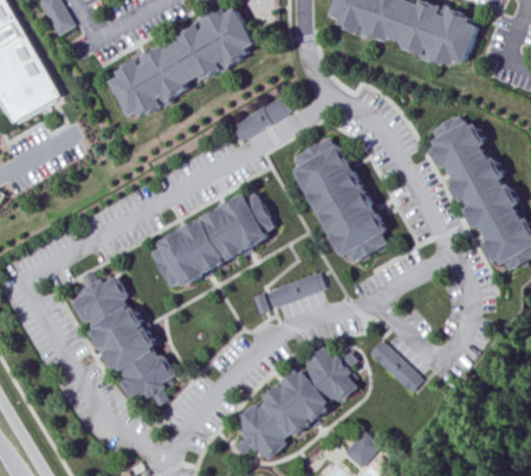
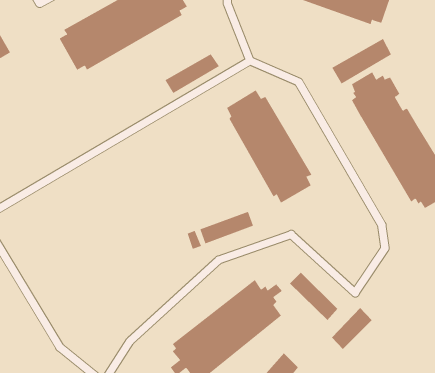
building: none -> [332,38,392,84]
building: [154,191,277,287] -> none
building: [75,270,177,405] -> none
building: none -> [331,307,373,350]

